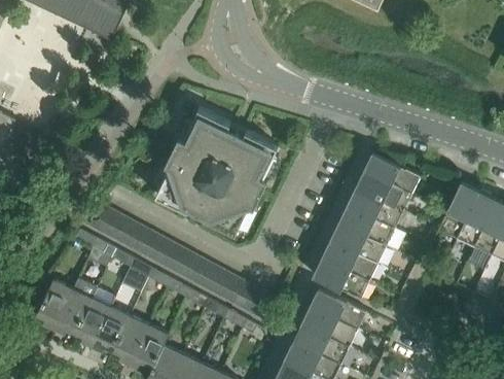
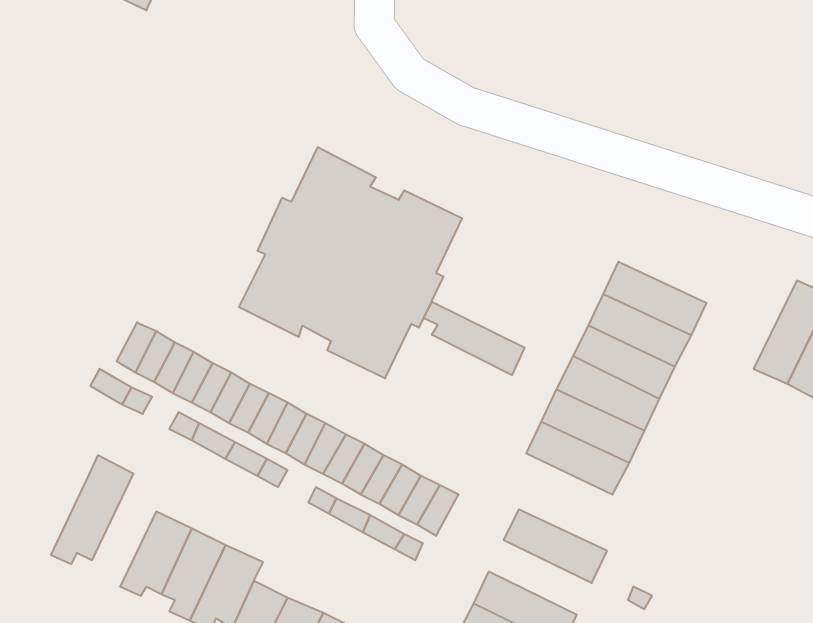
building: [363,153,420,195] -> none
building: none -> [424,302,525,375]
building: [36,282,72,333] -> none
building: [75,288,116,350] -> none
building: [309,288,366,331] -> none
building: [292,324,349,366] -> none

